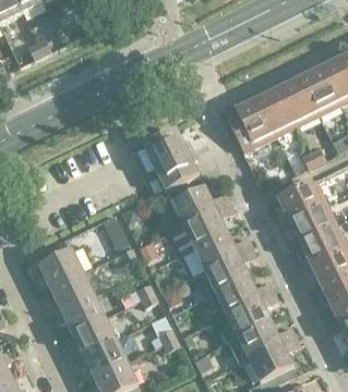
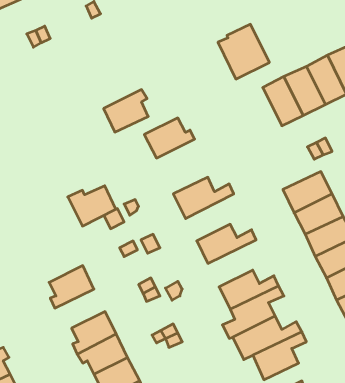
building: [226,98,276,151] -> [218,24,269,79]
building: [154,148,197,189] -> [104,90,148,132]
building: [182,201,235,247] -> none
building: [204,246,256,292] -> none
building: [35,248,82,287] -> [68,186,116,226]
building: [55,294,104,332] -> none

